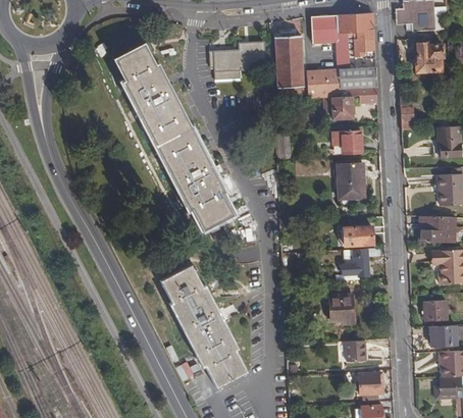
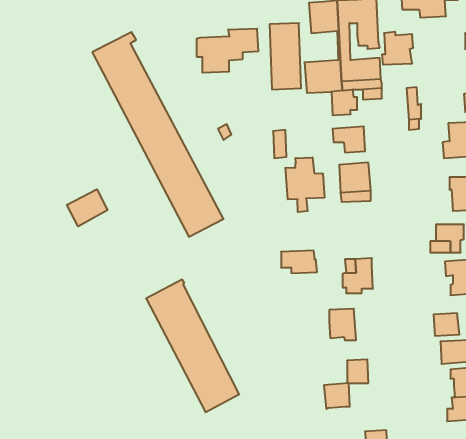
building: [416,43,445,72] -> [382,32,413,65]
building: none -> [285,157,324,212]
building: none -> [67,189,108,226]
building: [342,225,374,246] -> [281,251,317,273]
building: [359,372,382,396] -> [324,383,350,409]

